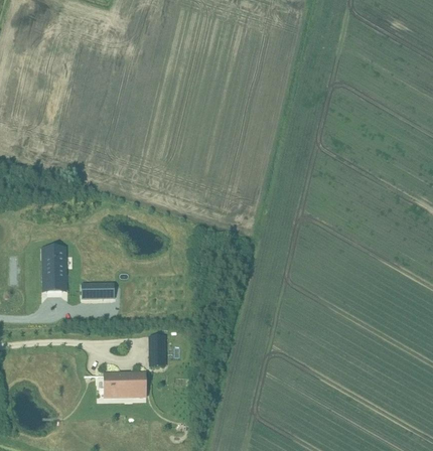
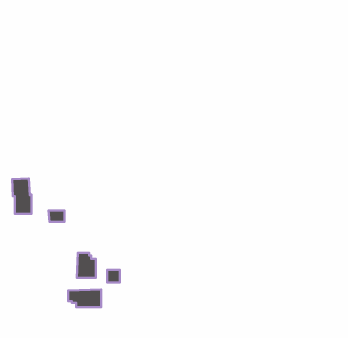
building: none -> [77,253,96,278]

